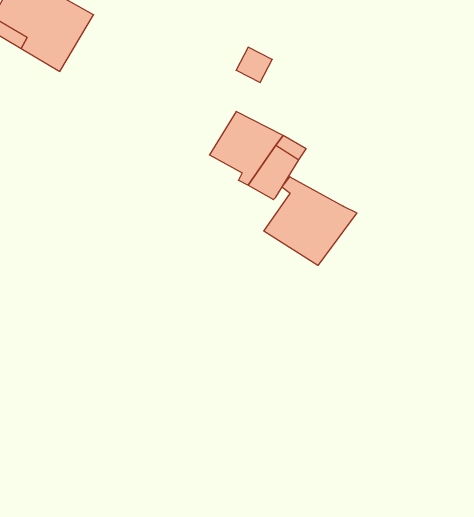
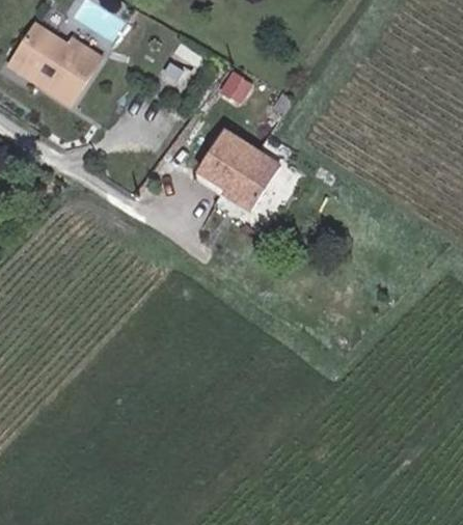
building: [264,177,357,265] -> none

